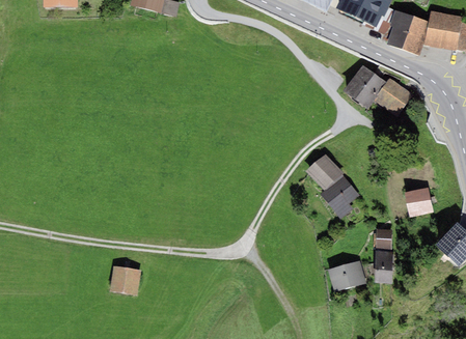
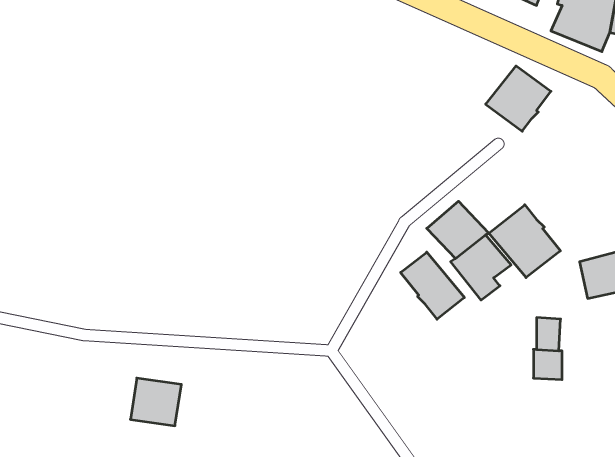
building: [374,78,413,116] -> none
building: none -> [489,205,560,278]
building: none -> [401,252,464,319]
building: [327,260,365,291] -> none

